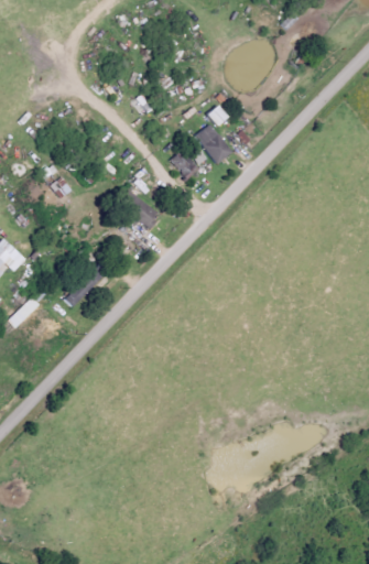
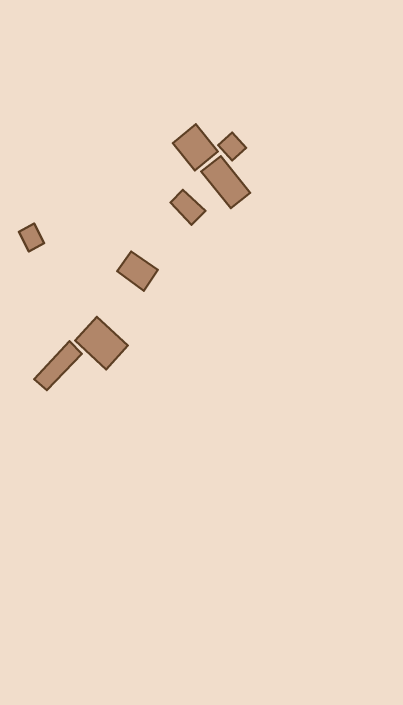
building: none -> [173,124,218,170]
building: none -> [75,317,128,369]

